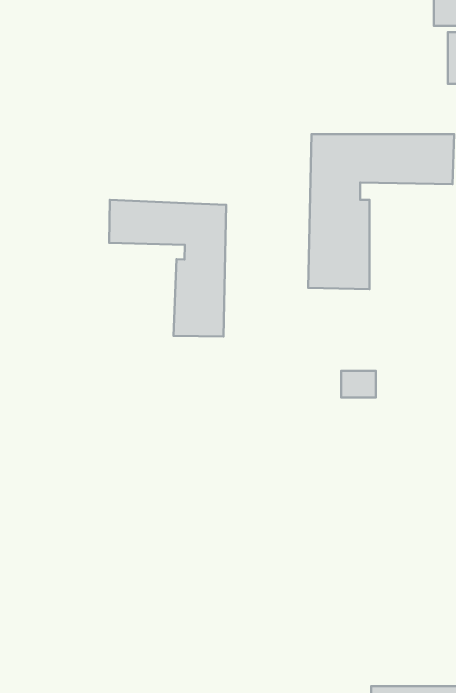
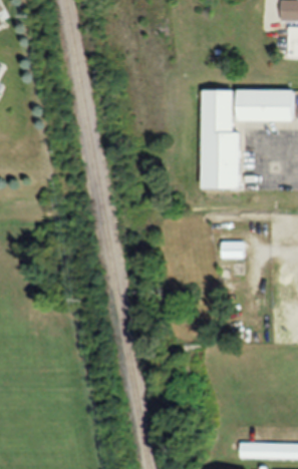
building: [109,200,226,337] -> none

